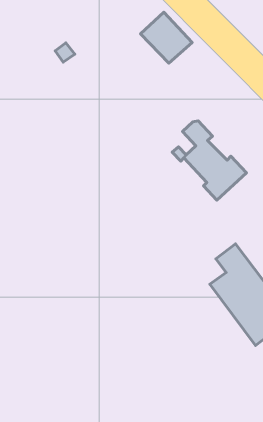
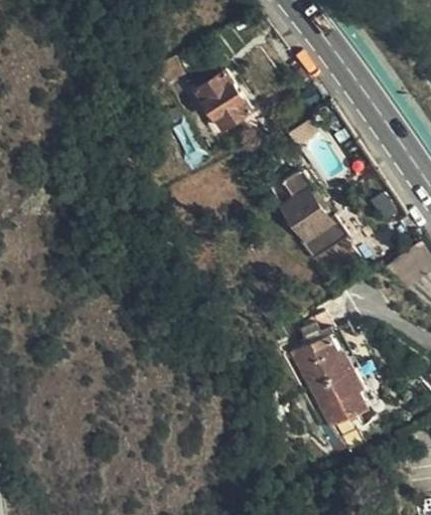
building: [141,12,192,63] -> [194,71,250,129]

